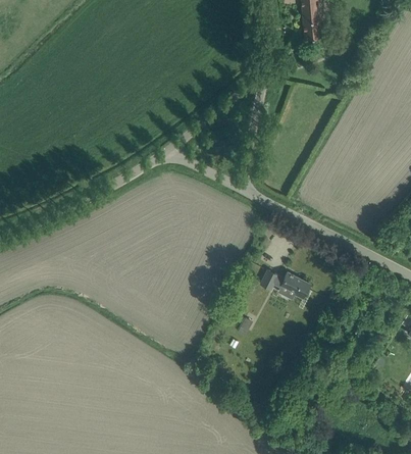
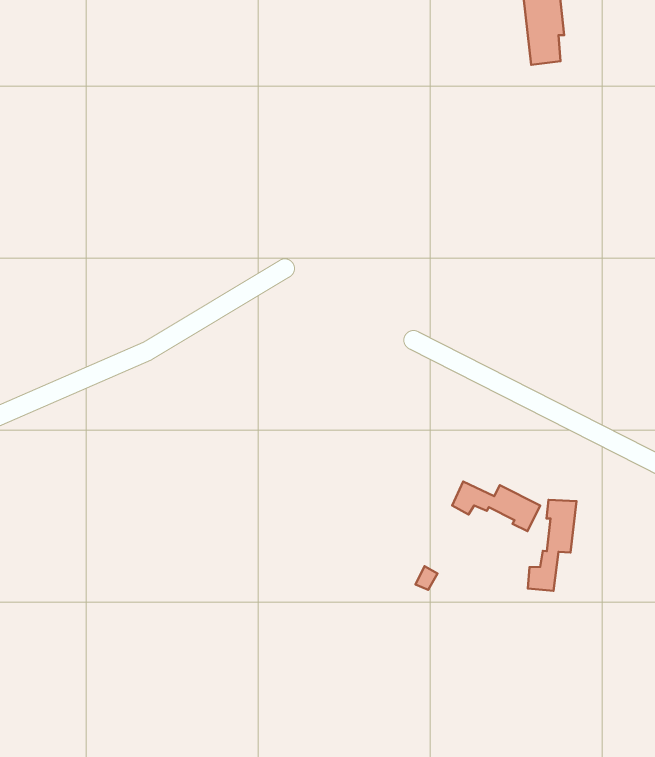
building: none -> [528,500,576,591]

